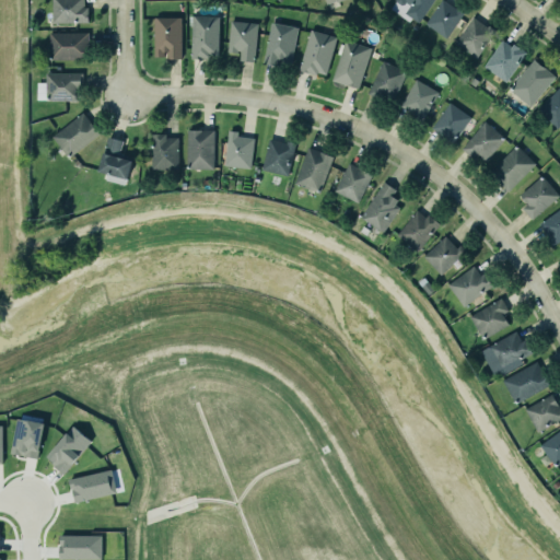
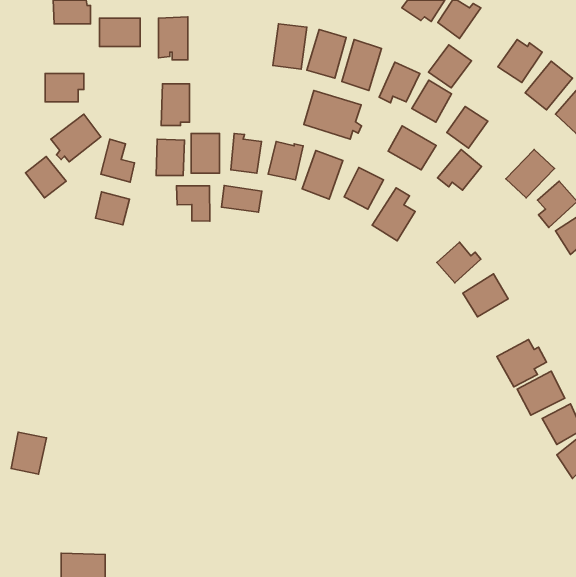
building: [191,16,219,57] -> [161,84,190,126]
building: [456,18,498,59] -> [429,45,472,88]
building: [230,22,259,63] -> none
building: [49,32,89,59] -> [99,18,140,47]
building: none -> [304,91,361,139]
building: [464,122,506,162] -> [437,149,482,190]
building: none -> [388,126,436,170]
building: none -> [26,157,66,198]
building: none -> [221,185,262,212]
building: none -> [177,186,210,221]
building: none -> [95,192,130,225]
building: [398,209,441,253] -> none
building: [471,298,510,338] -> none
building: [47,422,92,468] -> none
building: [70,468,117,501] -> none

